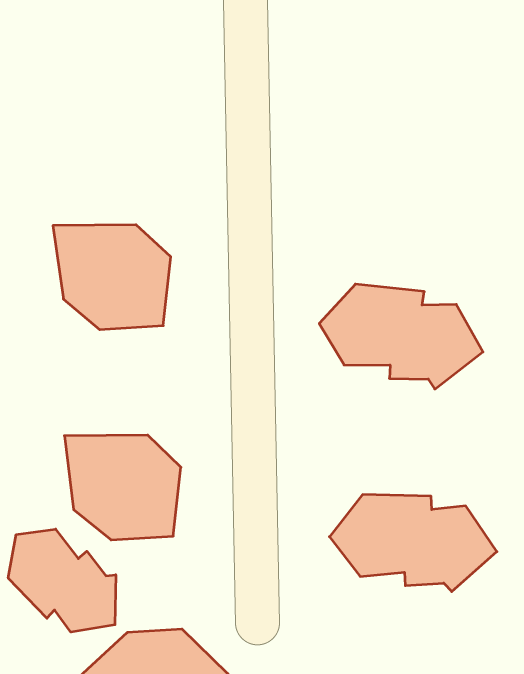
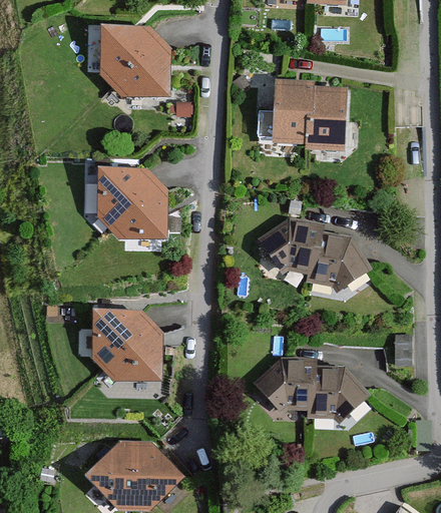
building: none -> [93,24,171,96]
building: none -> [270,86,341,149]
building: [8,529,116,632] -> none

